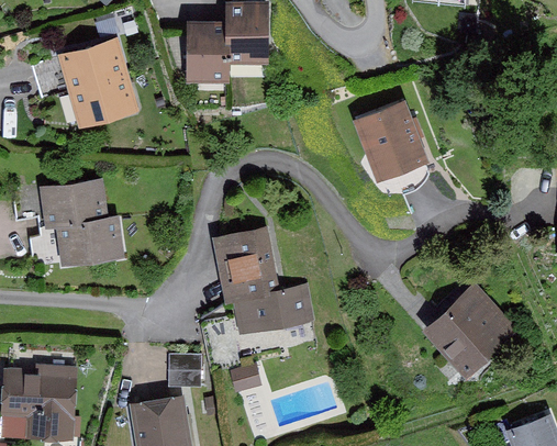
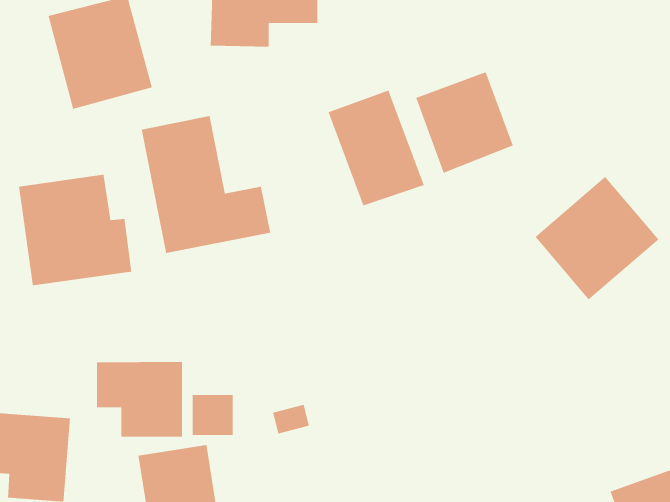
building: none -> [328,89,425,207]
building: [213,227,316,337] -> [141,115,271,254]
building: [420,282,519,381] -> [534,176,659,301]
building: none -> [96,361,183,437]

